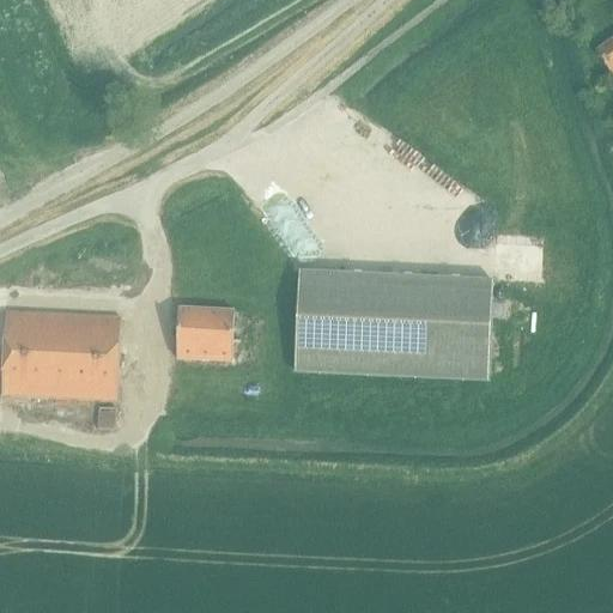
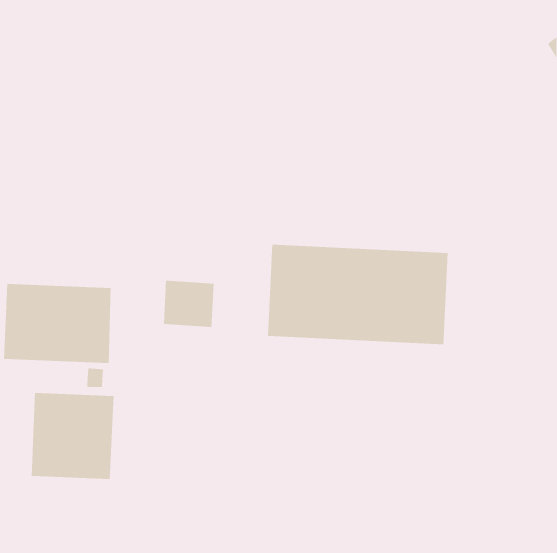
building: none -> [31,392,114,480]

